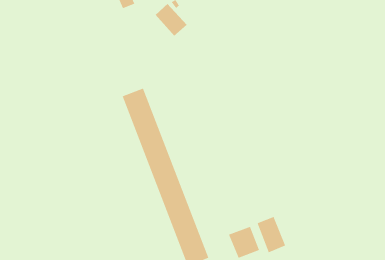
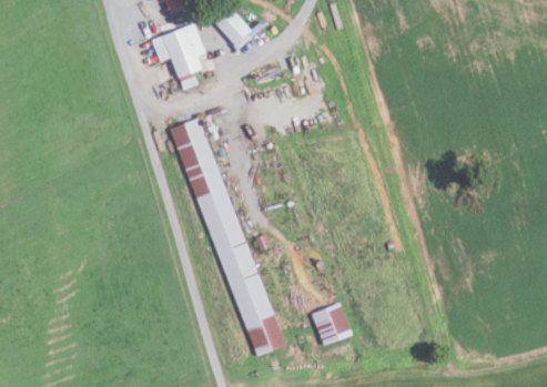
building: none -> [152,23,205,89]
building: [257,216,286,253] -> none

